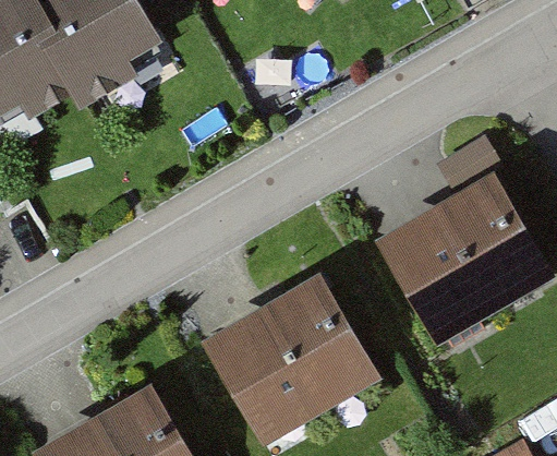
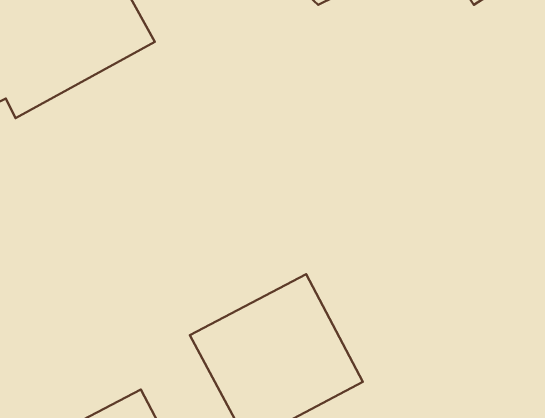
building: [377,172,550,341] -> none

